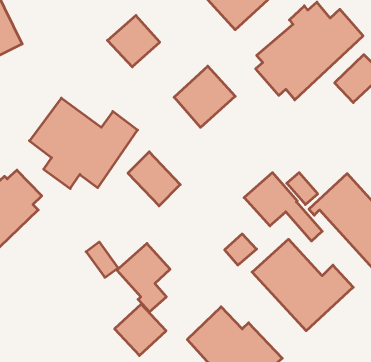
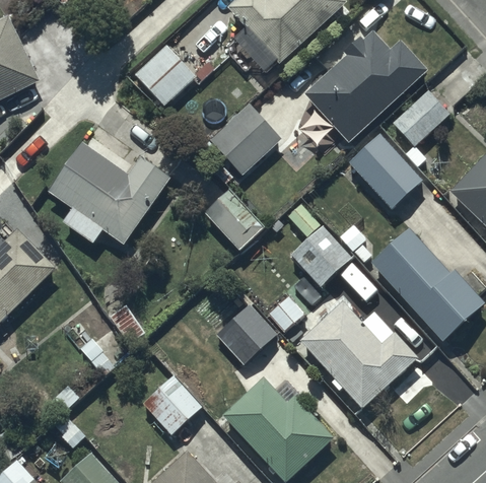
building: none -> [349,134,422,208]
building: [128,152,180,206] -> [204,189,264,251]
building: [117,243,170,312] -> [215,304,276,383]

